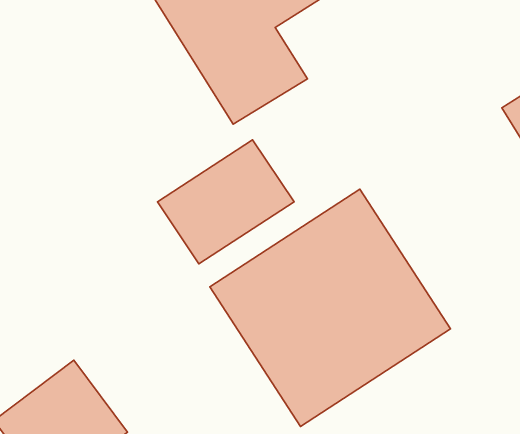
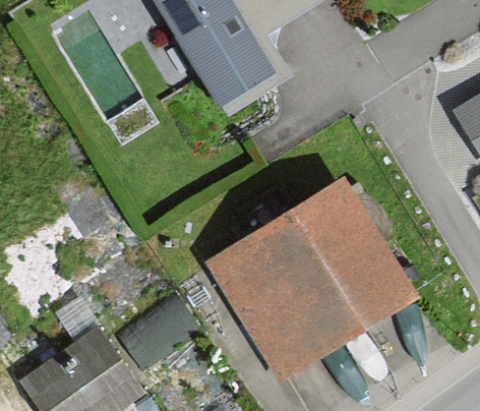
building: [158,140,294,264] -> none

